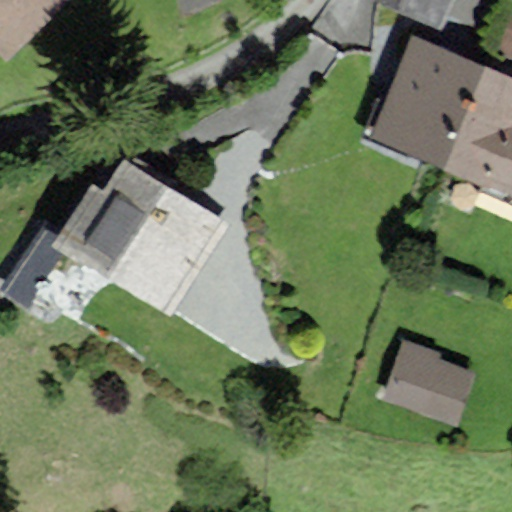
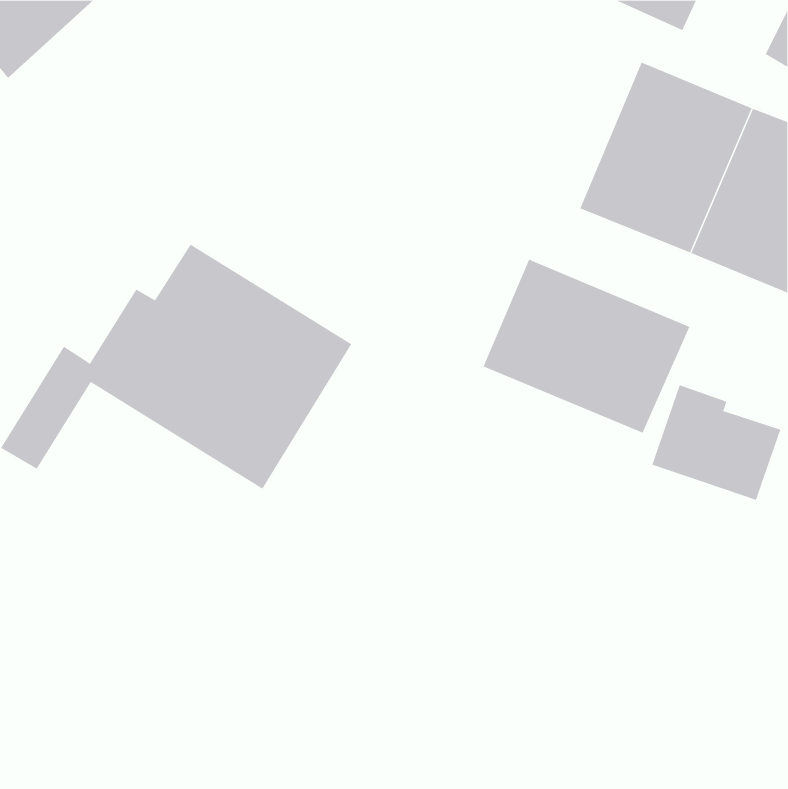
building: none -> [483,259,690,433]
building: [387,344,471,419] -> [651,385,781,500]

